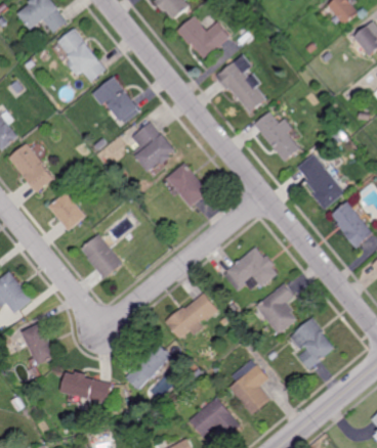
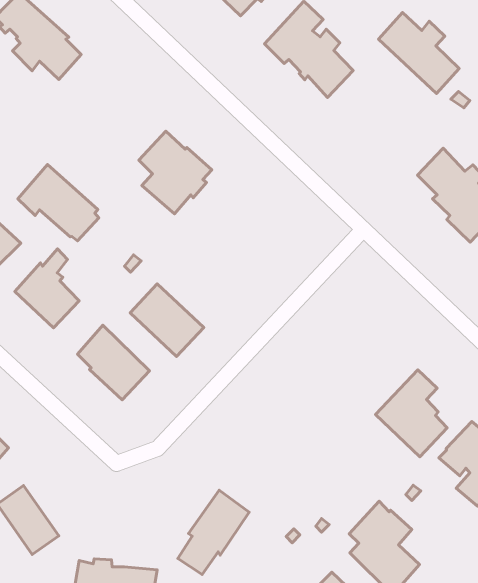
building: [91,76,138,124] -> [18,164,99,241]
building: [253,110,299,162] -> [378,12,459,94]
building: [166,163,209,208] -> [130,284,204,357]
building: [225,248,278,290] -> none
building: [164,293,217,340] -> none

